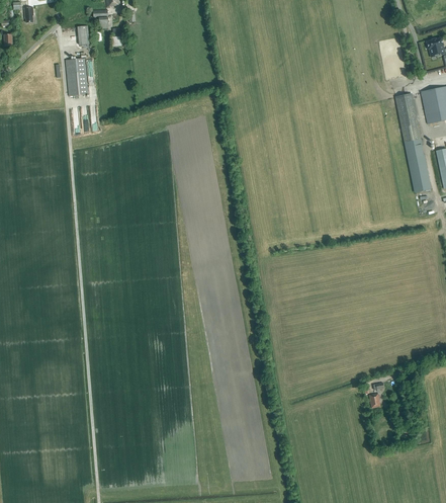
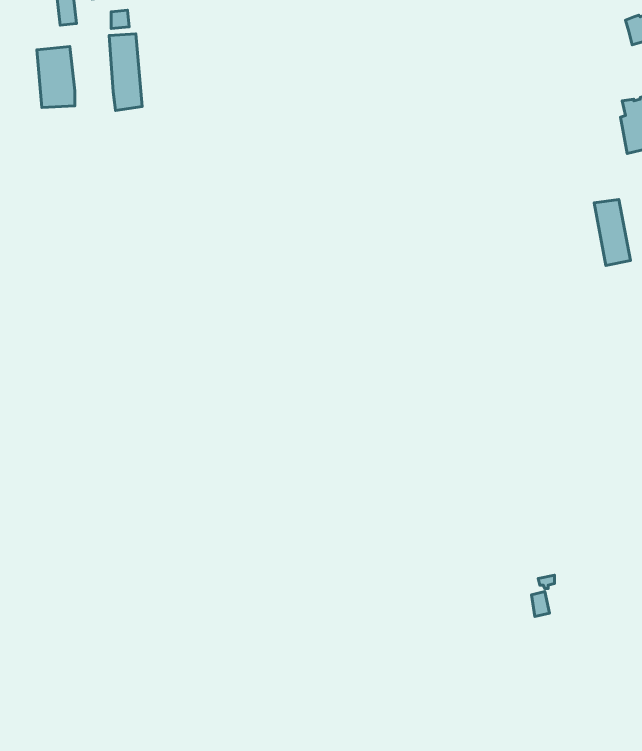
building: none -> [109,34,142,110]
building: [396,94,421,145] -> none

